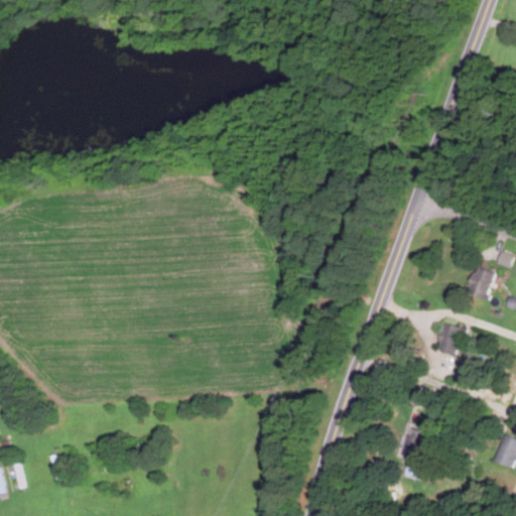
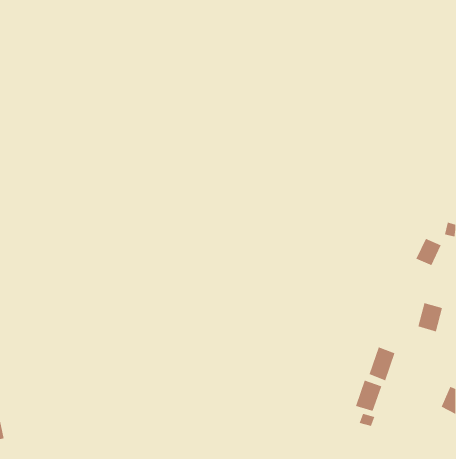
building: [435,321,464,355] -> [418,302,443,332]
building: none -> [369,347,395,381]

